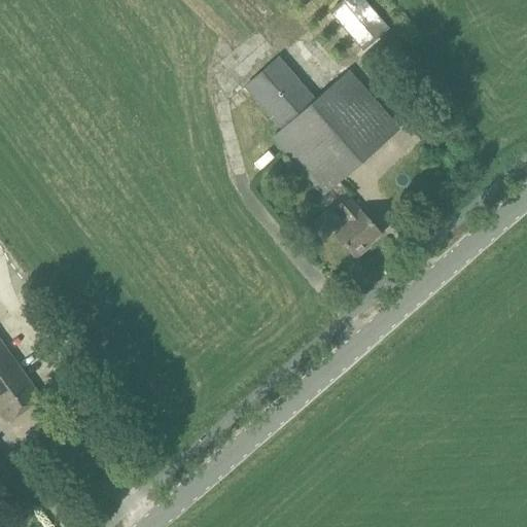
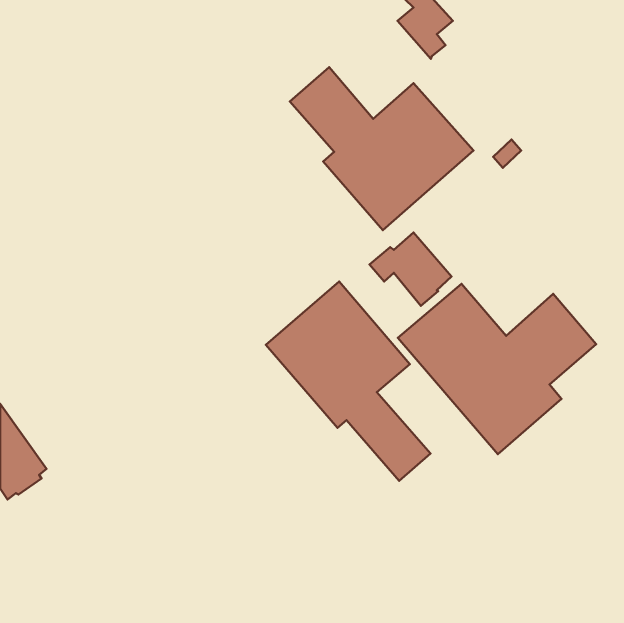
building: none -> [266,281,431,481]
building: none -> [398,284,596,454]

